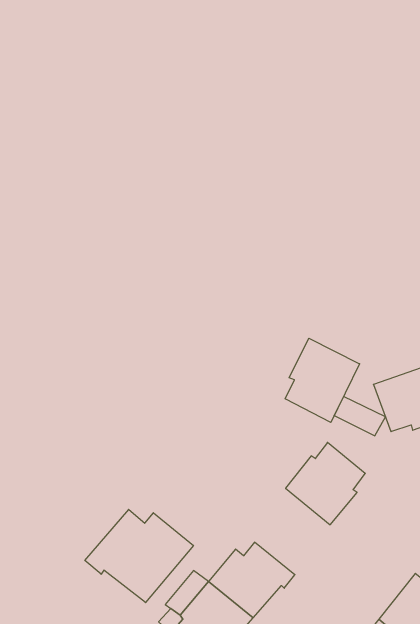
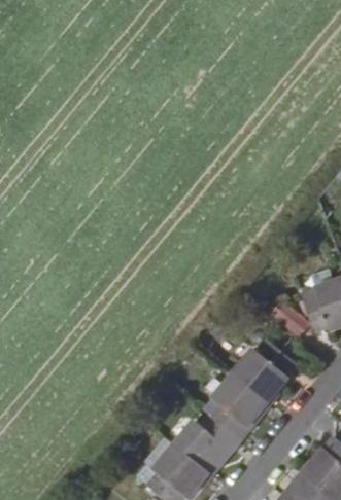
building: [285,338,360,422] -> none
building: none -> [204,373,268,439]
building: [85,509,193,603] -> none

